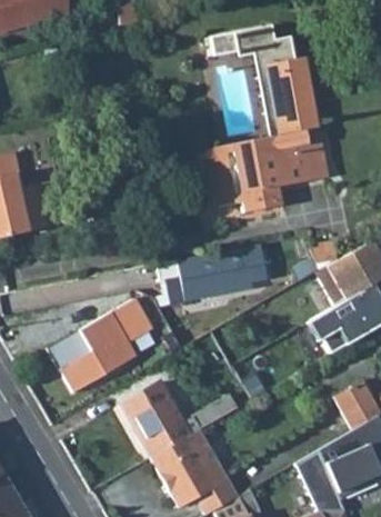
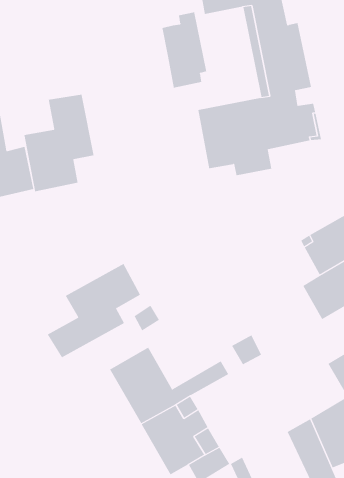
building: none -> [162,12,207,88]
building: none -> [24,94,94,192]
building: [158,243,268,301] -> none

